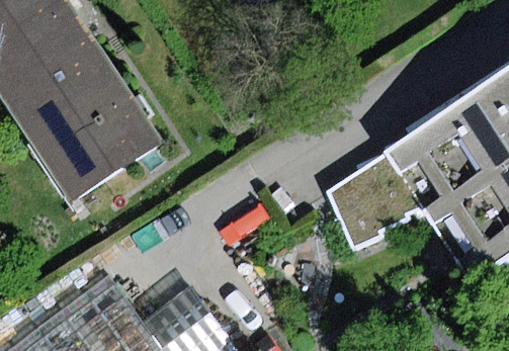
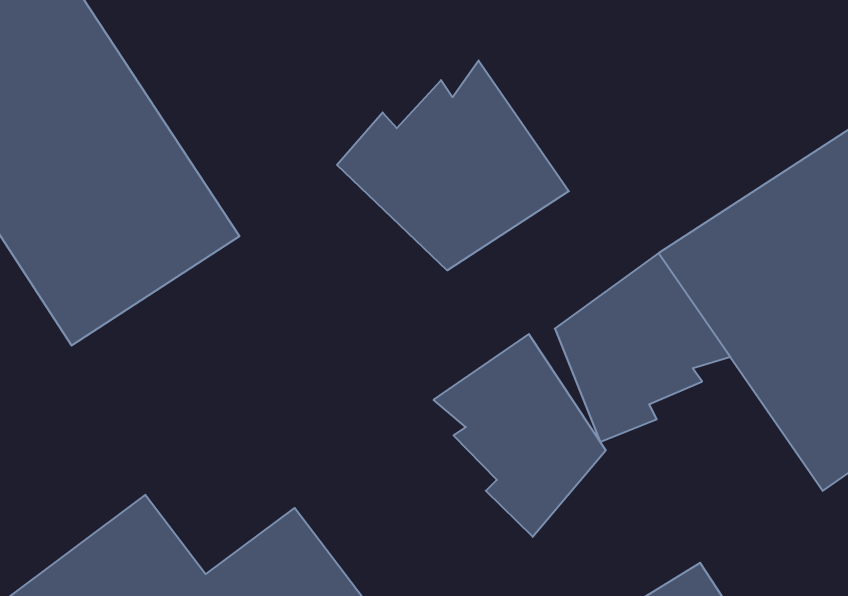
building: none -> [337,60,569,270]
building: none -> [434,334,606,537]

